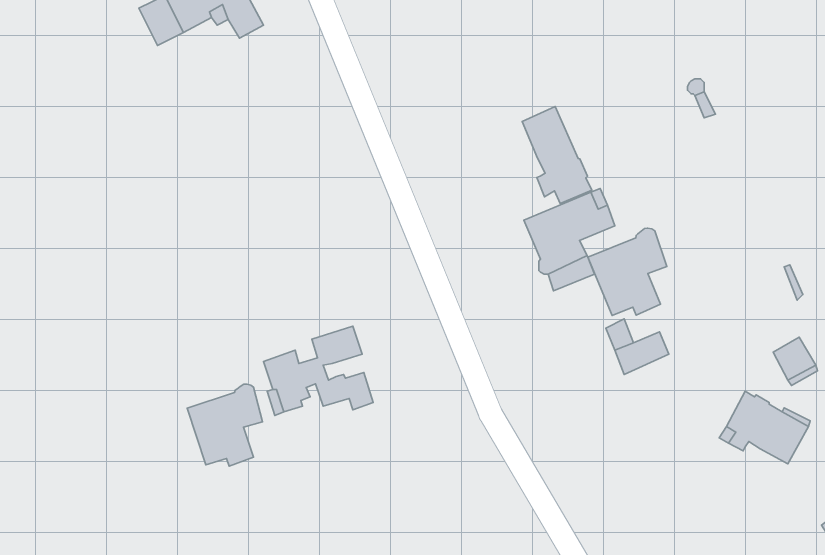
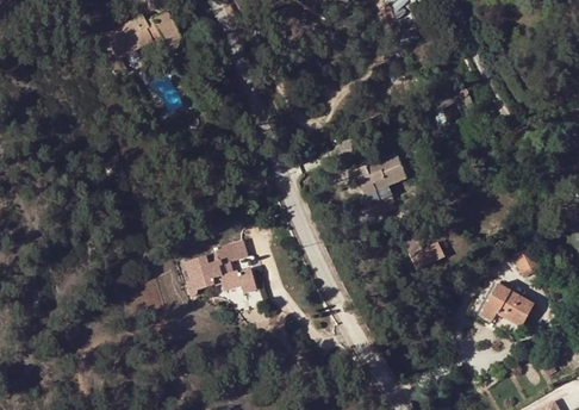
building: [522,107,592,203] -> none
building: [588,228,667,316] -> none
building: [187,384,262,466] -> none

